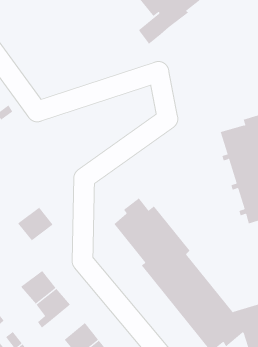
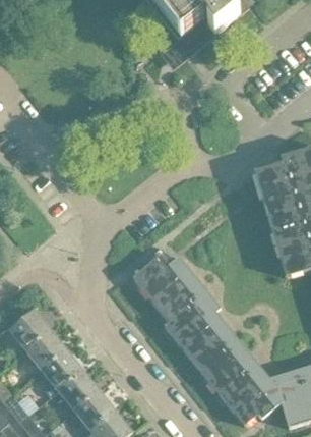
building: [17,207,54,241] -> [9,310,51,349]
building: none -> [59,370,100,411]

